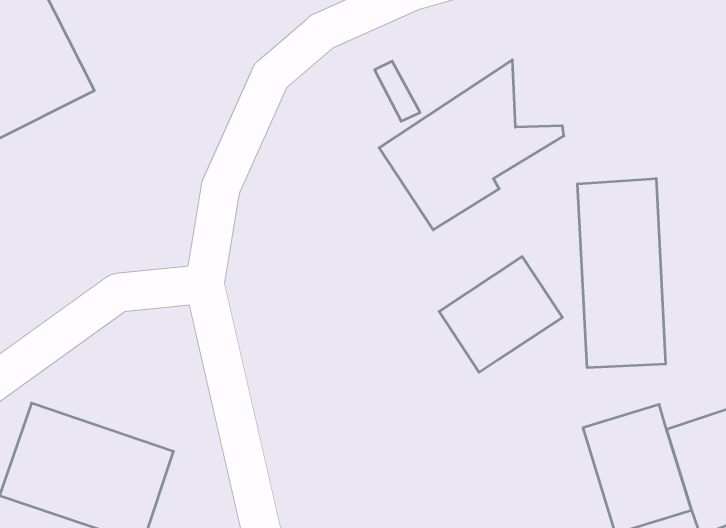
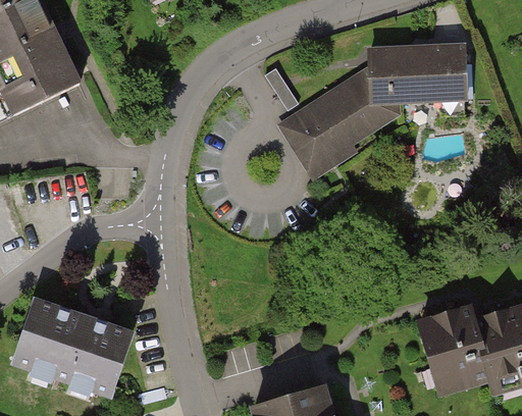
building: none -> [368,44,469,108]
building: [578,178,666,368] -> none
building: [439,257,562,372] -> none

